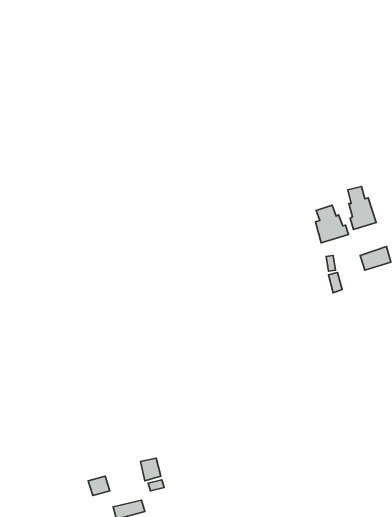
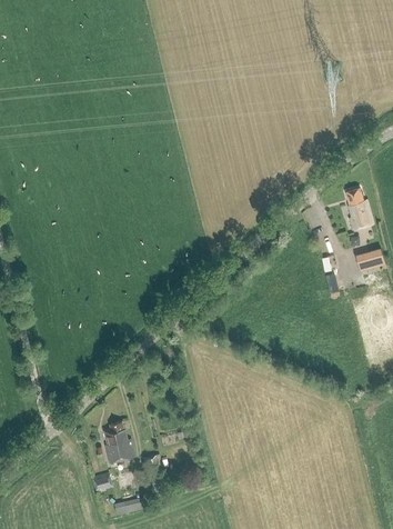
building: [316,205,348,243] -> none
building: none -> [102,421,134,463]

